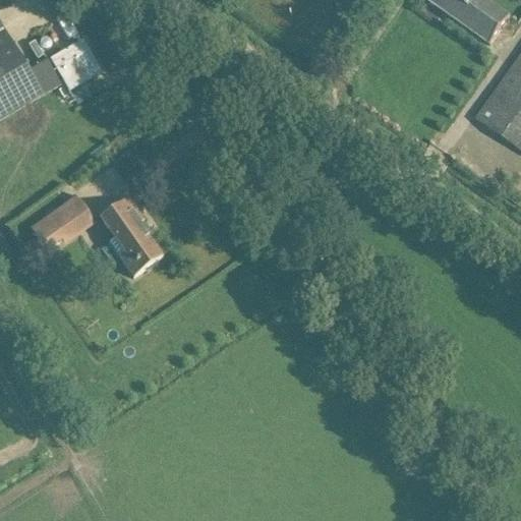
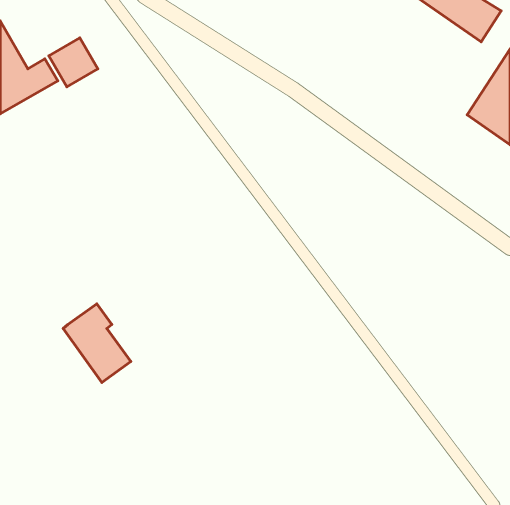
building: [33,194,91,246] -> none
building: [94,195,163,276] -> [63,304,131,383]

